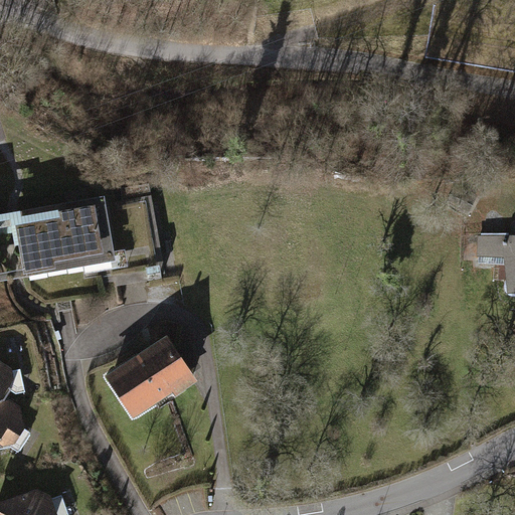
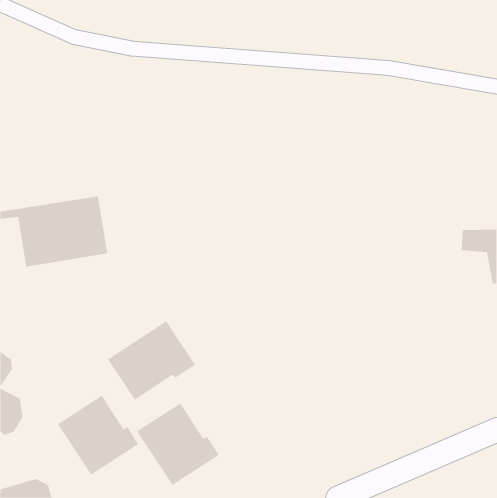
building: none -> [57,395,139,476]
building: none -> [136,402,220,486]

